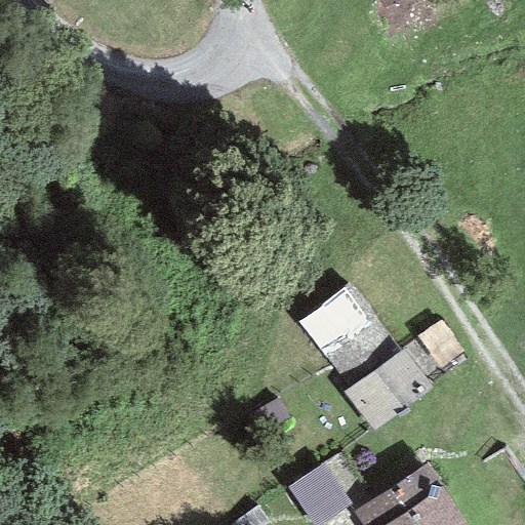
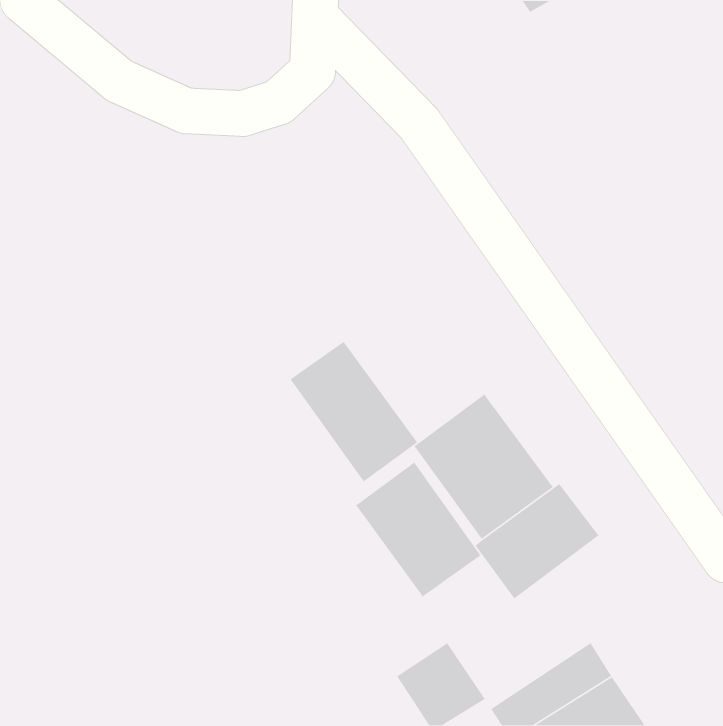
building: none -> [290,341,418,482]
building: none -> [355,462,482,598]

